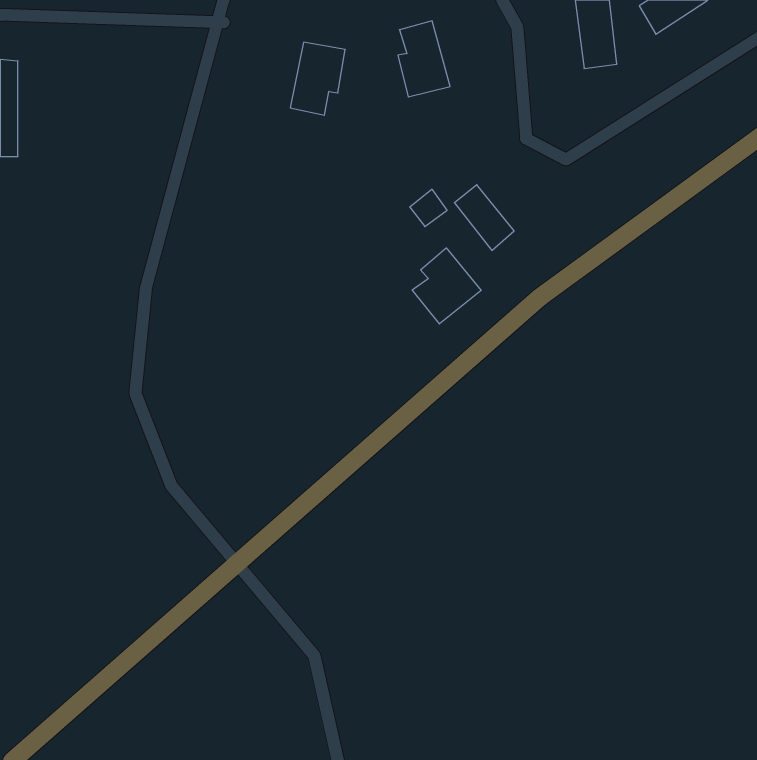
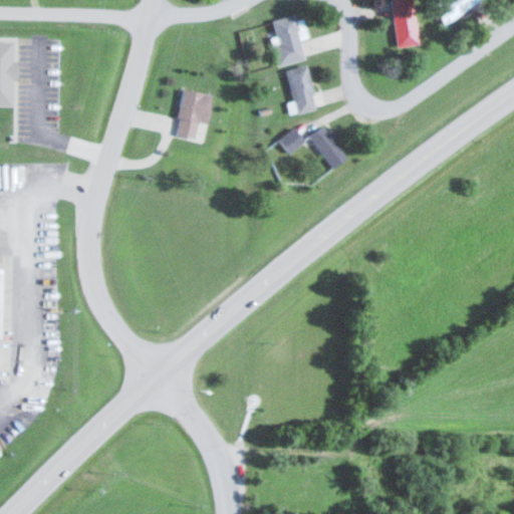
building: [290,42,345,115] -> [175,90,212,140]
building: none -> [288,66,316,114]
building: [412,248,481,324] -> none

